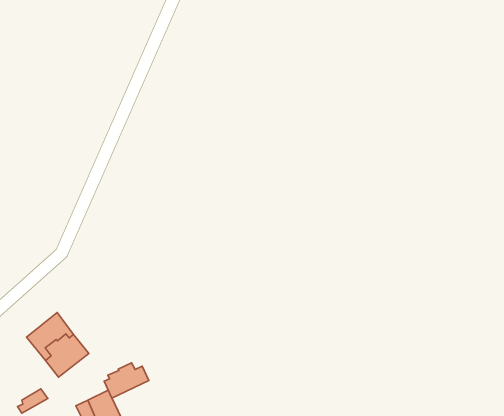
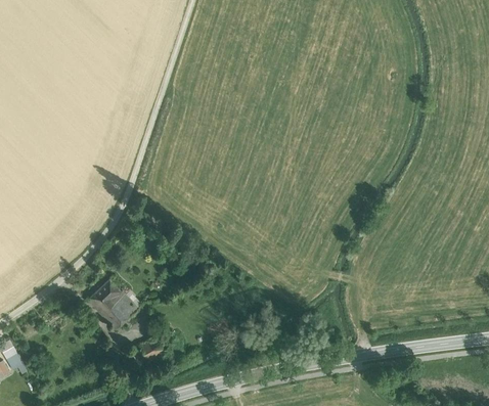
building: [104,363,149,398] -> none

